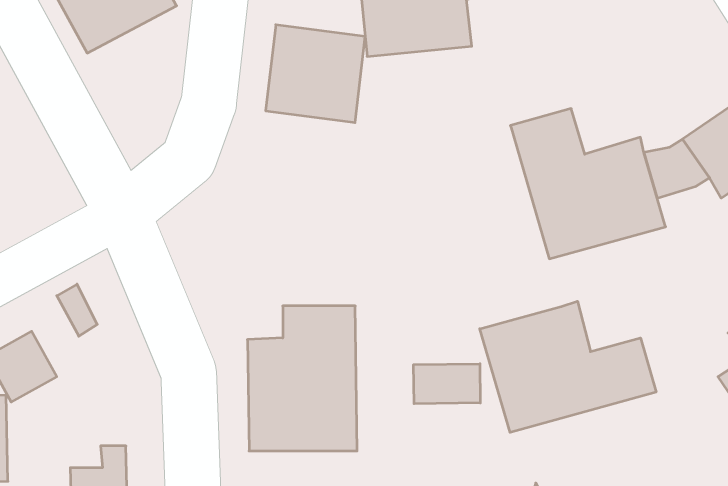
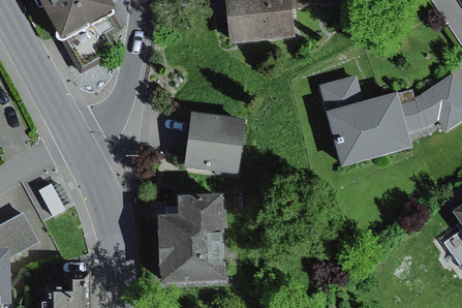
building: [266,25,365,123] -> [184,113,245,173]
building: [480,301,656,432] -> none
building: [414,364,480,404] -> none

